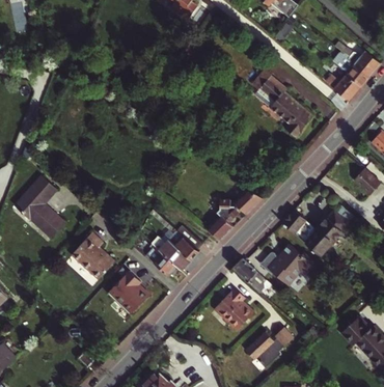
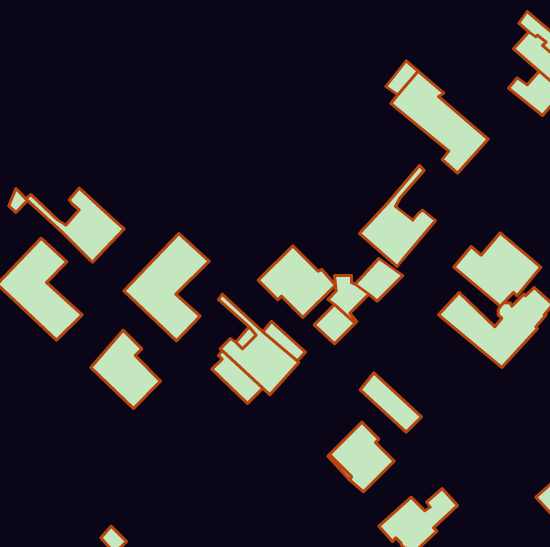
building: none -> [359,165,435,267]
building: none -> [26,188,124,262]
building: none -> [124,233,209,341]
building: none -> [258,246,336,318]
building: [262,244,314,288] -> [454,233,541,306]
building: [107,271,147,315] -> none

